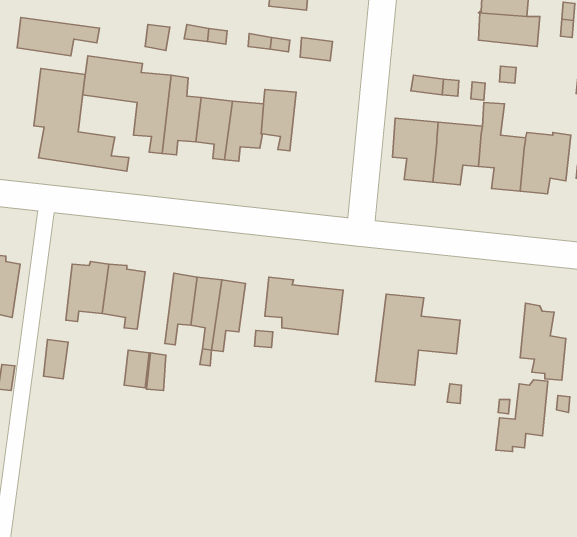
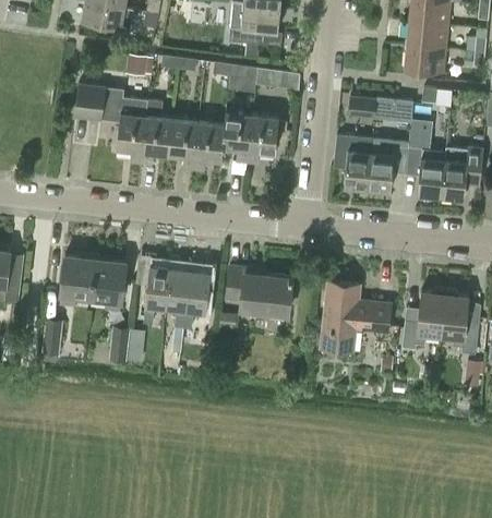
building: [17,18,99,56] -> none
building: [34,68,129,171] -> none
building: none -> [248,113,278,164]
building: [496,380,548,452] -> [401,289,445,349]

